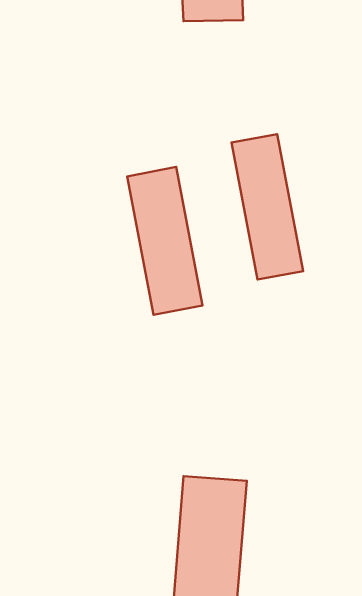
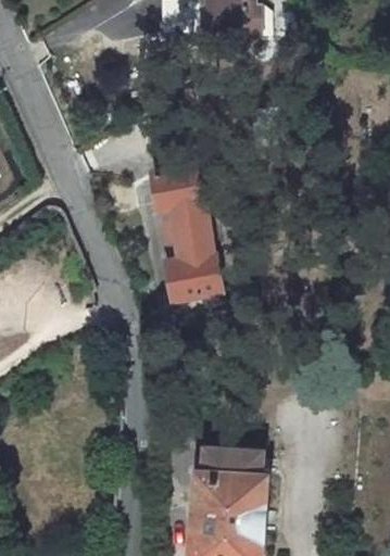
building: [232,134,303,280] -> none

